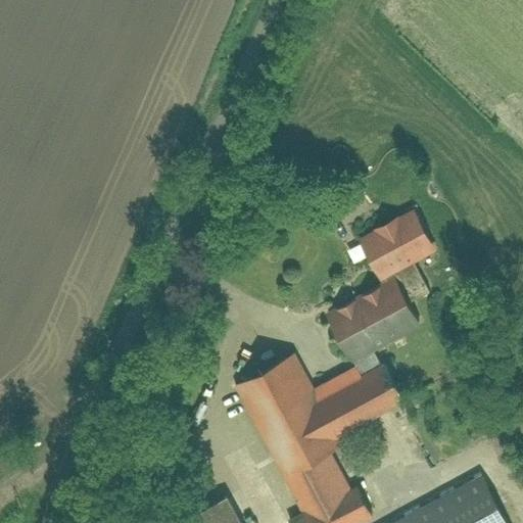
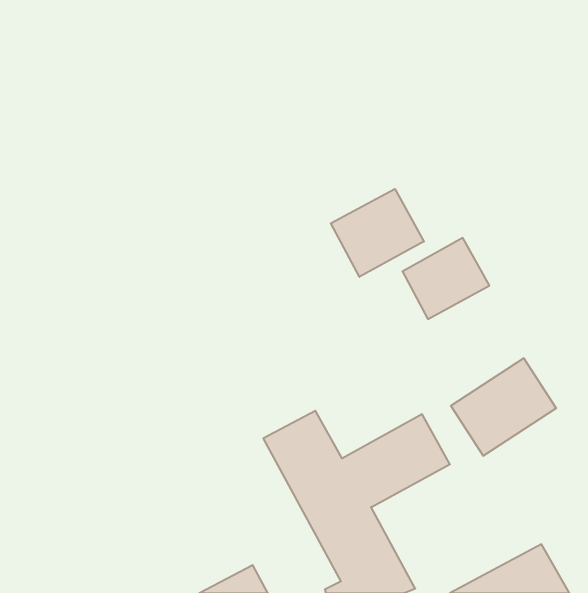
building: none -> [331,189,424,277]
building: [325,280,418,366] -> [451,358,556,456]

